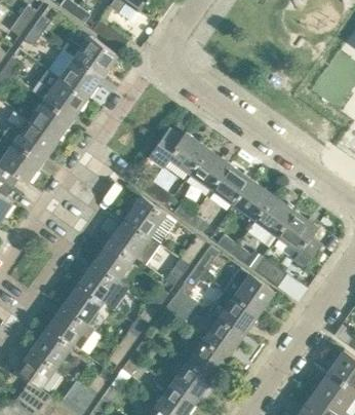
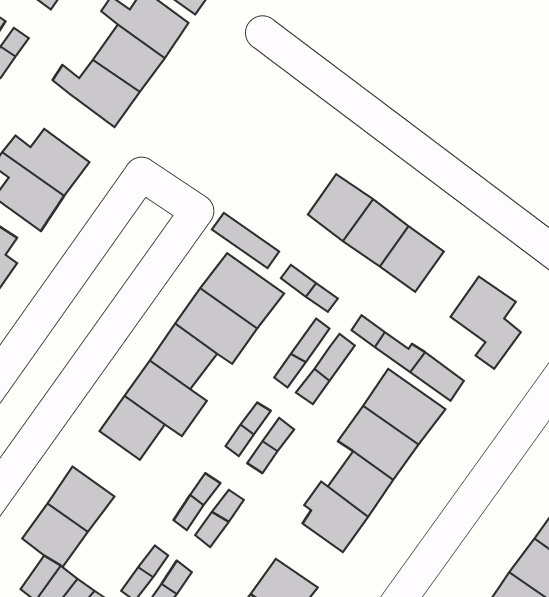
building: [29,99,72,141] -> none
building: [149,128,207,173] -> none
building: [255,195,294,235] -> none
building: [46,305,94,350] -> none
building: [170,362,214,401] -> none

